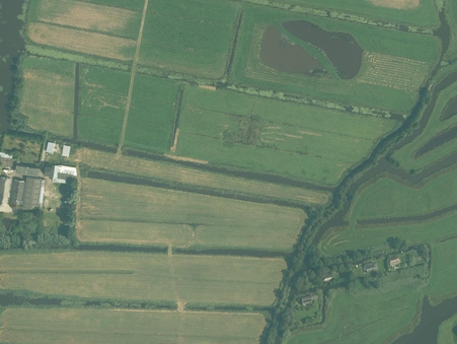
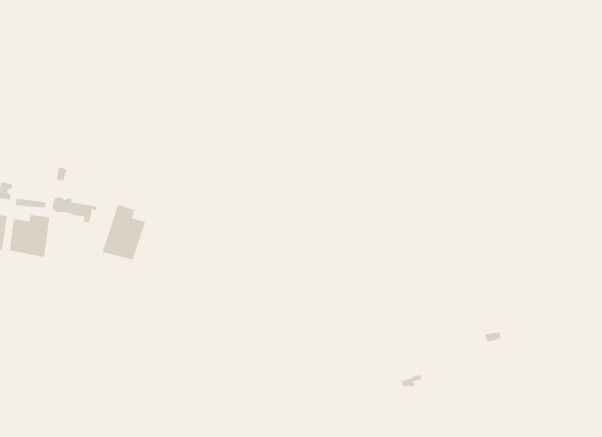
building: none -> [101,204,146,260]

